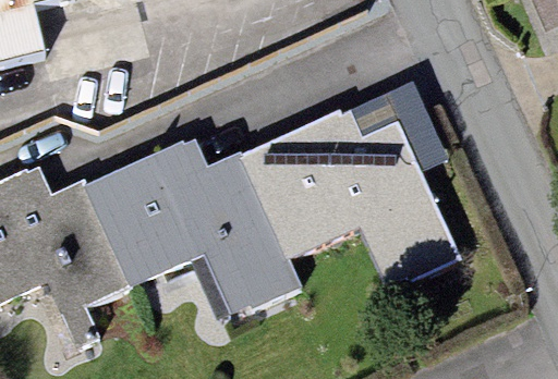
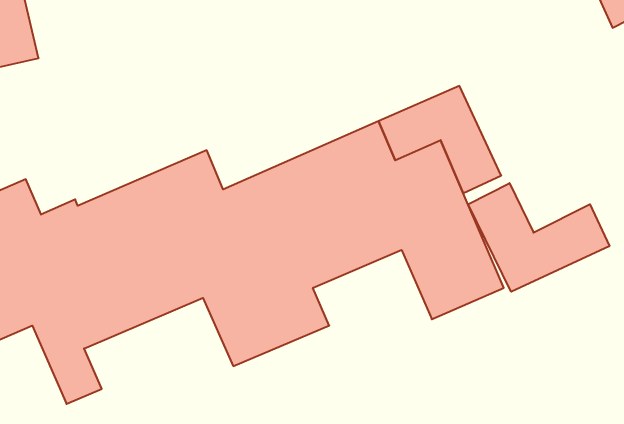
building: none -> [468,183,609,292]

